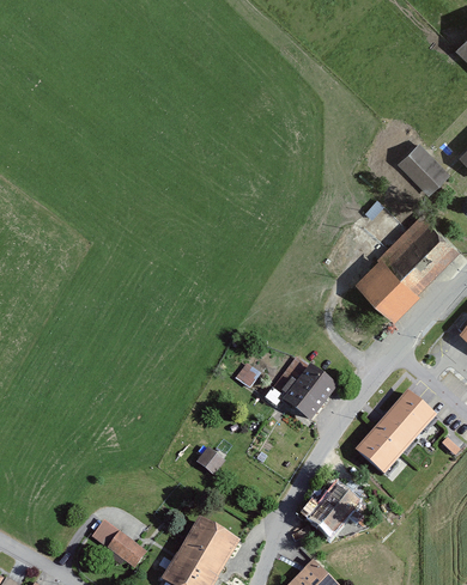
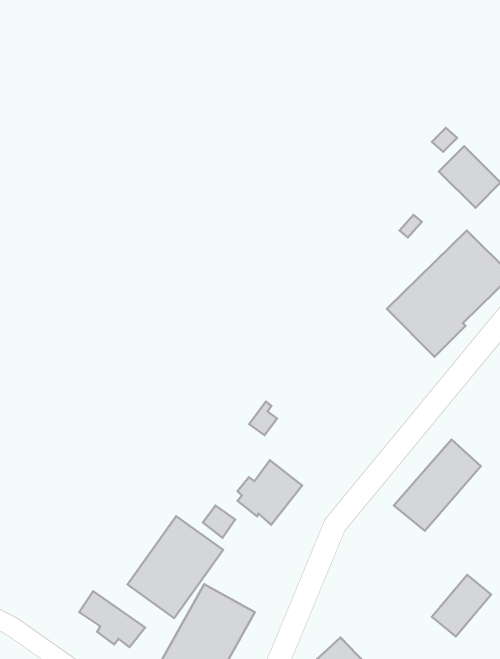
building: [281,366,336,421] -> [238,460,302,525]
building: none -> [127,516,223,618]
building: [308,485,358,537] -> [432,575,491,636]

